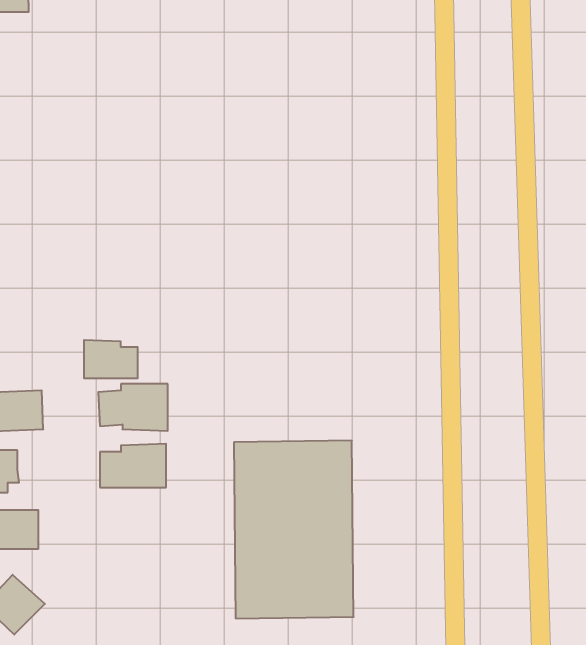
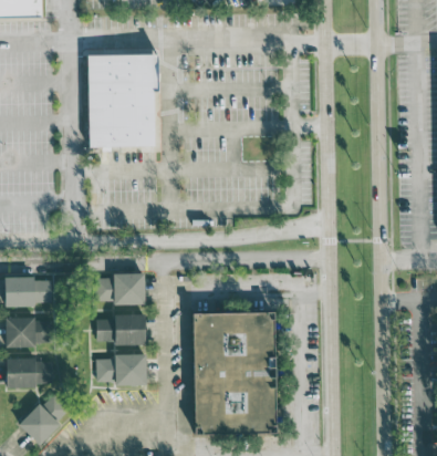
building: none -> [96,54,167,147]
building: [84,340,138,378] -> none
building: none -> [101,353,147,383]

